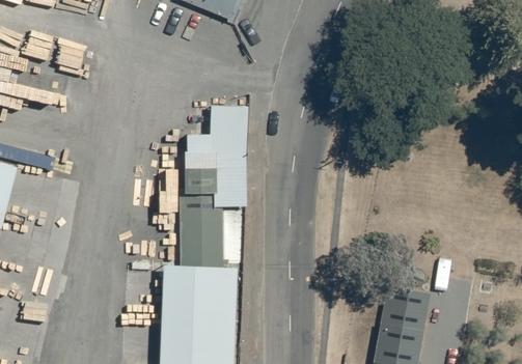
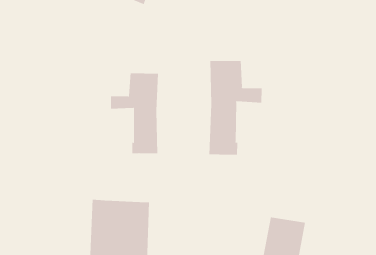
building: none -> [209,60,262,156]
building: [159,150,224,268] -> none

